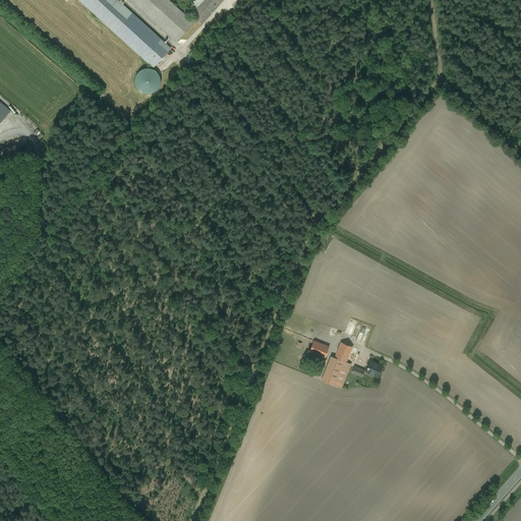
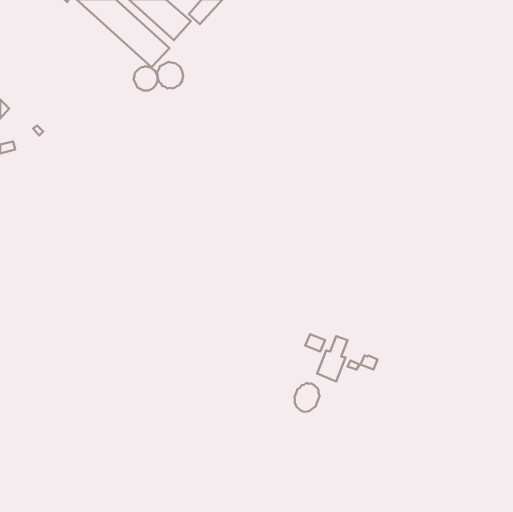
building: none -> [157,62,183,88]
building: none -> [295,383,320,412]

